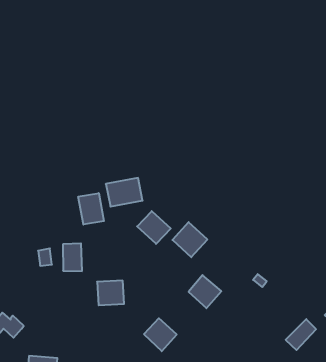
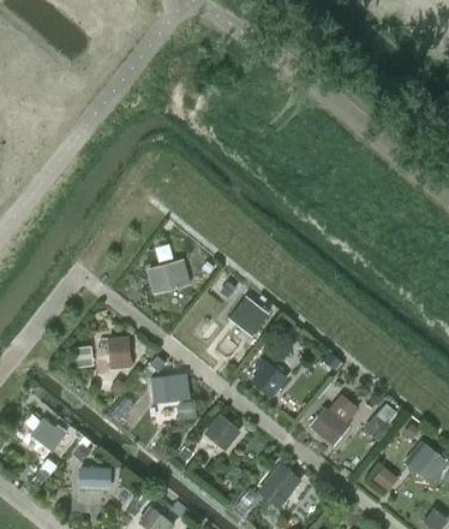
building: [78,193,104,225] -> none
building: [137,211,171,244] -> none
building: none -> [307,406,348,447]

